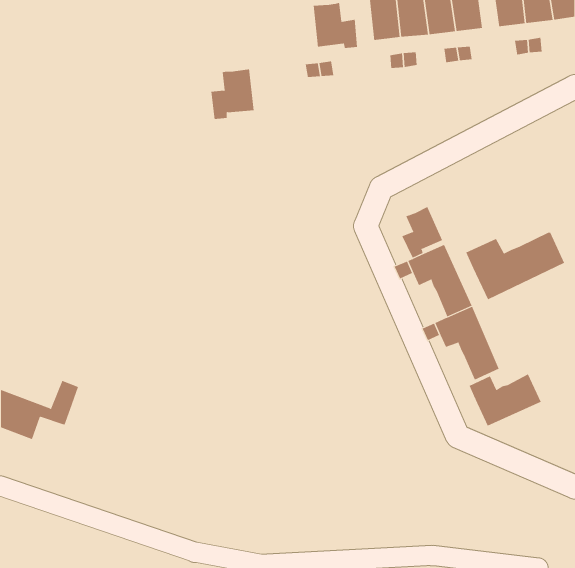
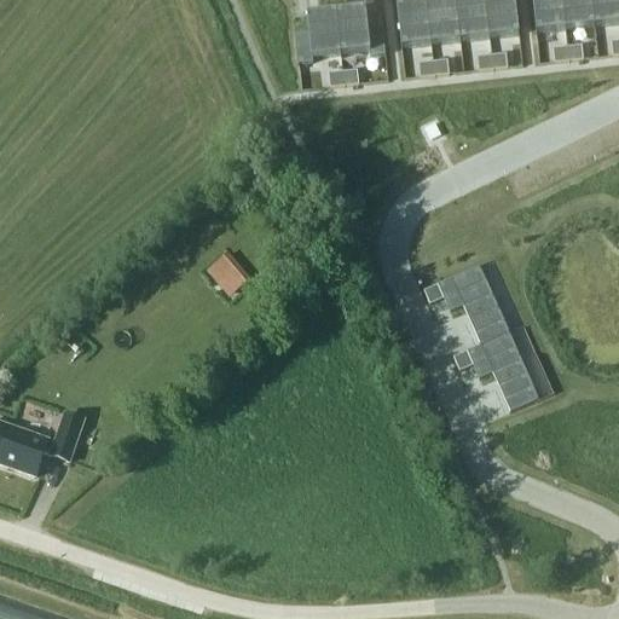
building: [210,69,254,119] -> [294,6,341,60]
building: [402,206,443,259] -> none
building: [465,232,565,300] -> none
building: none -> [208,250,251,294]
building: [469,374,542,427] -> none

